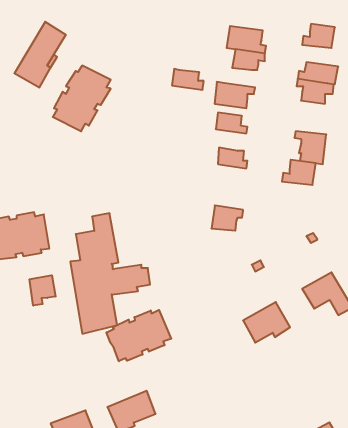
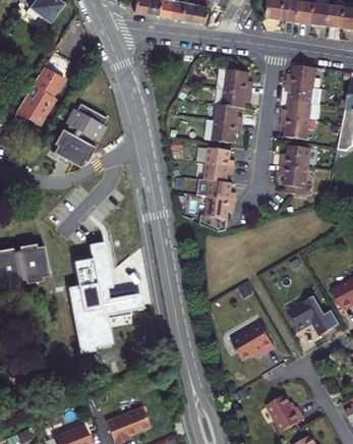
building: none -> [284,85,320,105]
building: [172,69,204,90] -> [213,105,242,124]
building: none -> [202,163,233,183]
building: [282,160,316,185] -> [279,145,310,168]
building: [211,205,243,231] -> [203,196,233,219]
building: [30,275,56,306] -> none
building: [106,310,171,361] -> none
building: none -> [266,396,303,433]

